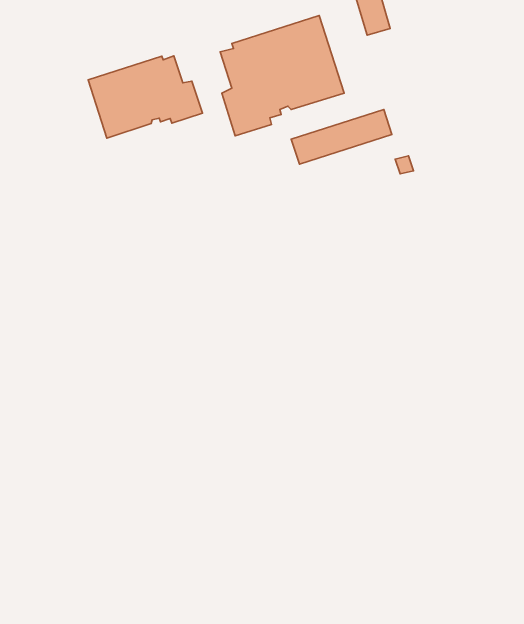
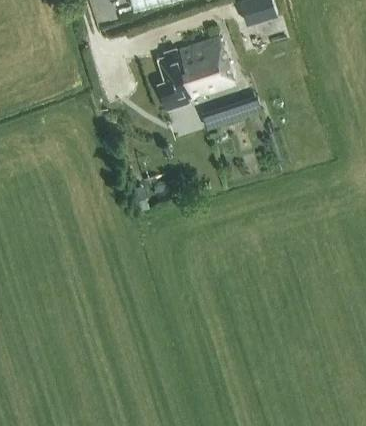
building: [88,56,203,138] -> none

